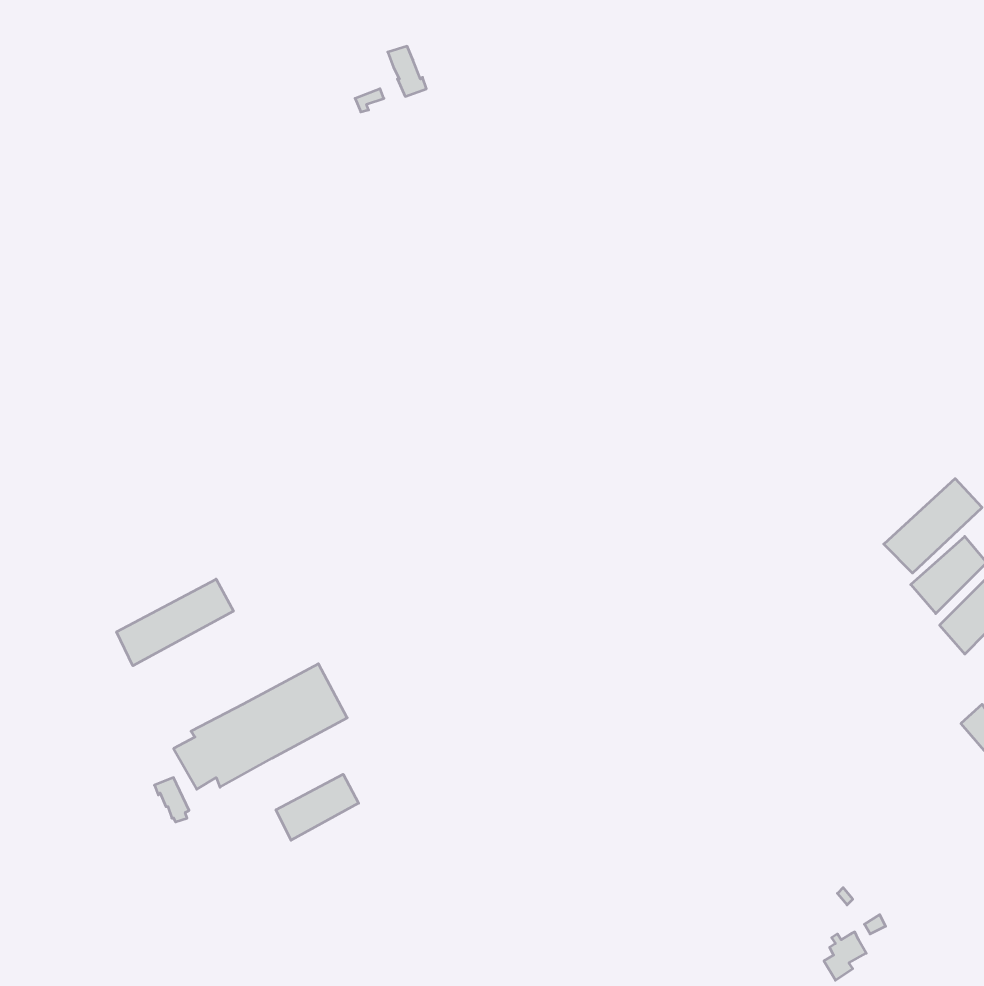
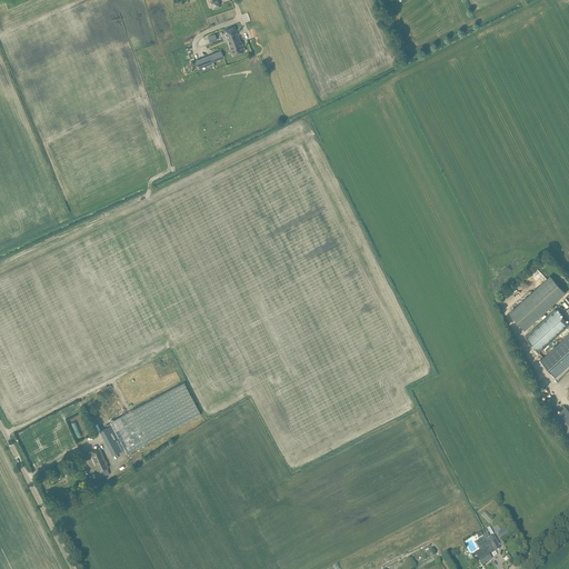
building: [117,579,233,666] -> none
building: [276,774,359,840] -> none

